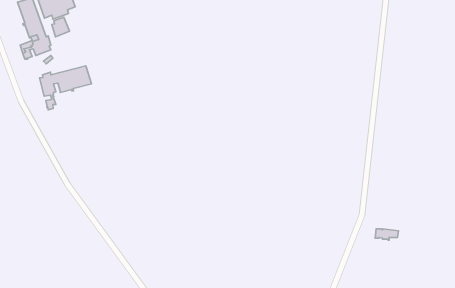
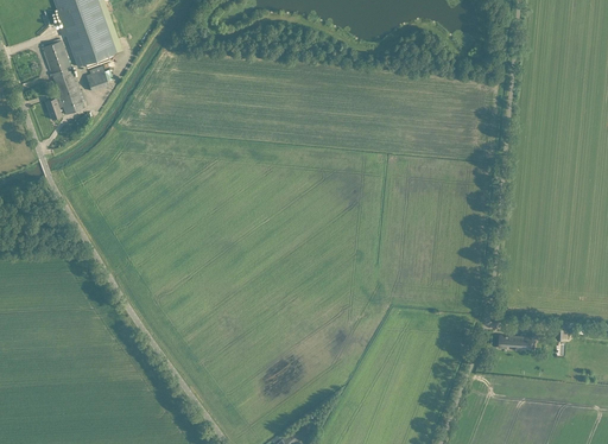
building: [39,66,91,110] -> none

